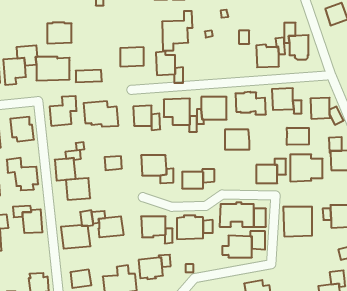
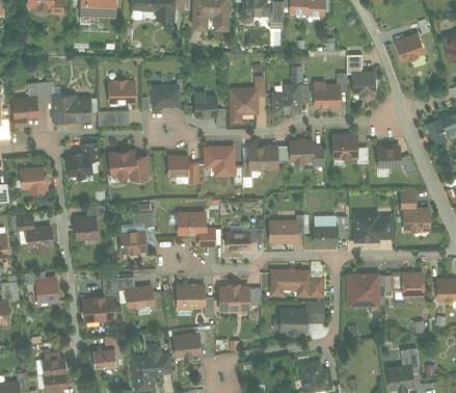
building: [162,11,193,50] -> [227,75,264,122]
building: [47,23,72,43] -> [106,78,135,103]
building: none -> [270,82,300,113]
building: [287,128,309,145] -> none
building: [225,130,249,150] -> [268,220,297,244]
building: [66,178,90,200] -> [118,229,147,255]

